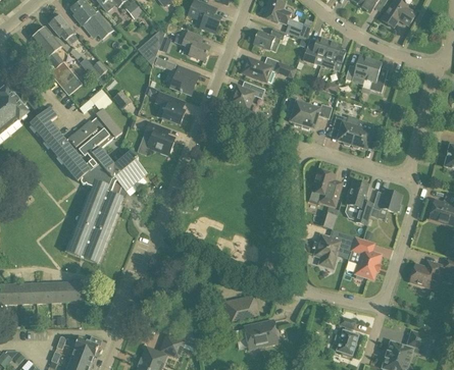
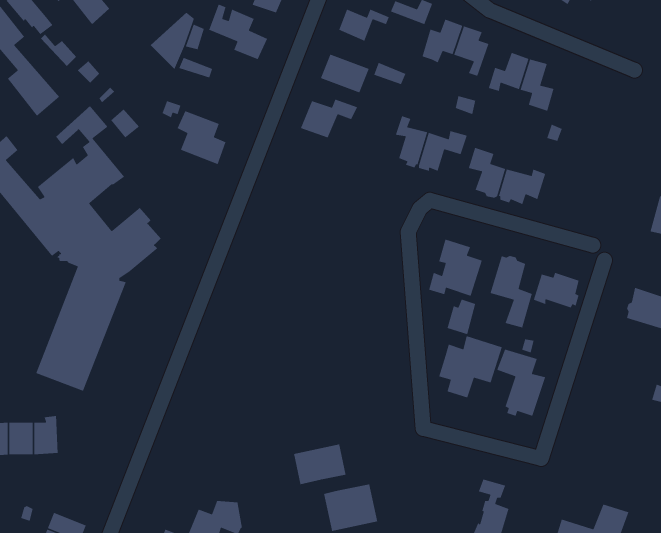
building: [169,65,198,95] -> none
building: [142,119,173,154] -> none
building: [408,260,441,286] -> none

